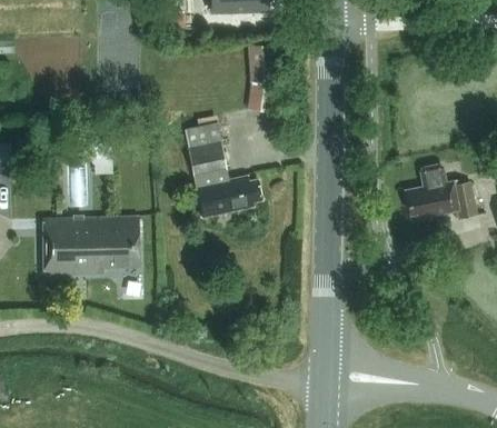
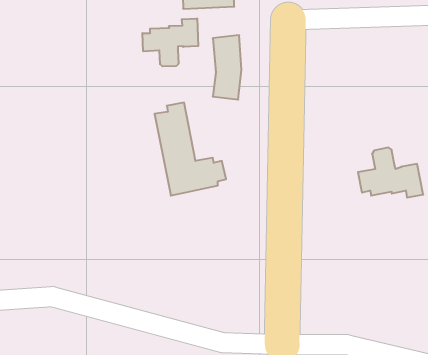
building: none -> [142,18,198,66]
building: [51,217,139,271] -> none

